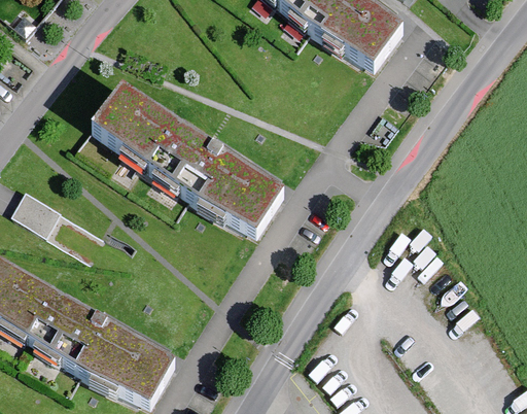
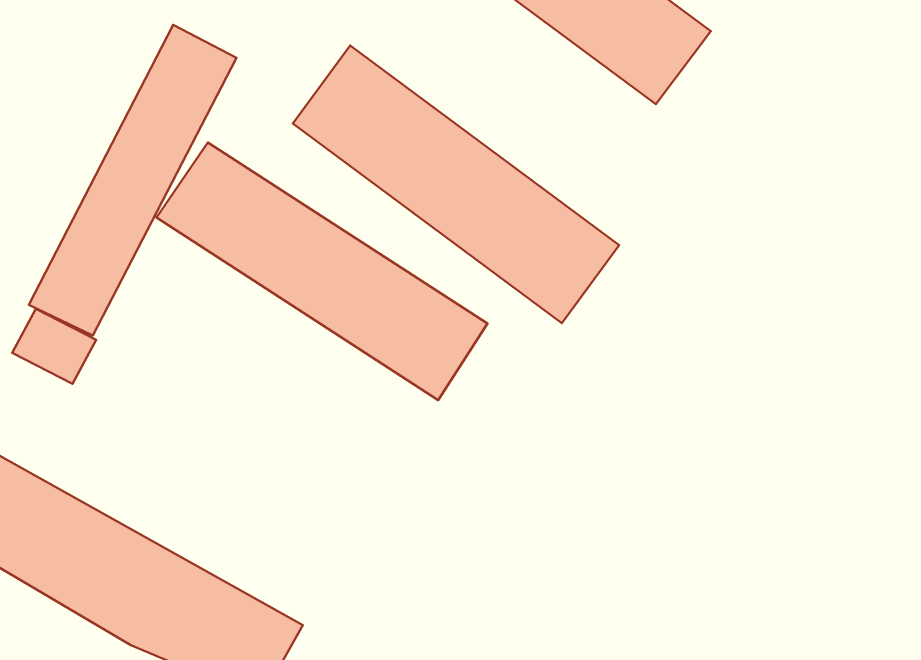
building: none -> [29,25,236,336]
building: none -> [293,46,619,323]

